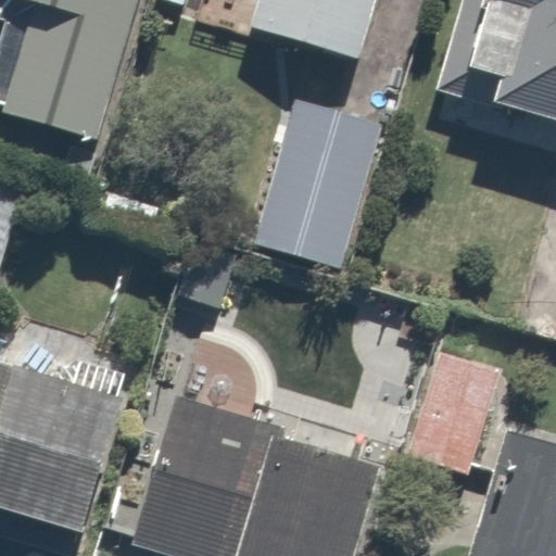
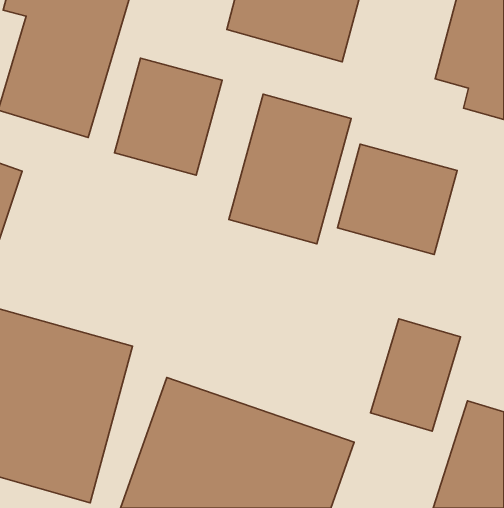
building: none -> [115,58,222,175]
building: none -> [337,144,457,254]

